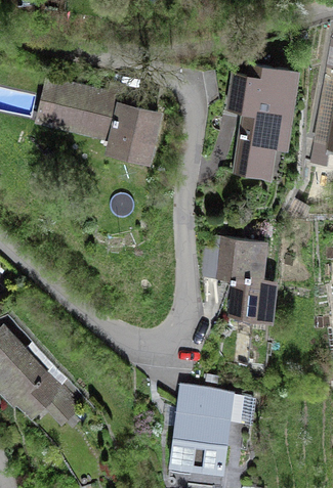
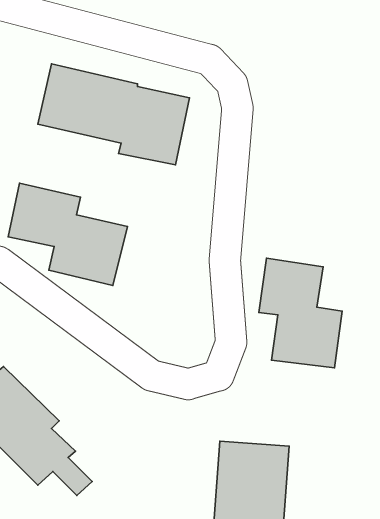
building: [226,69,300,179] -> none
building: none -> [8,183,128,285]

